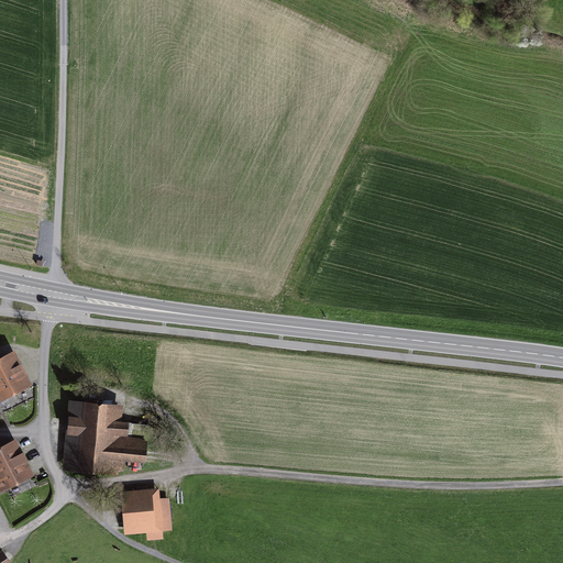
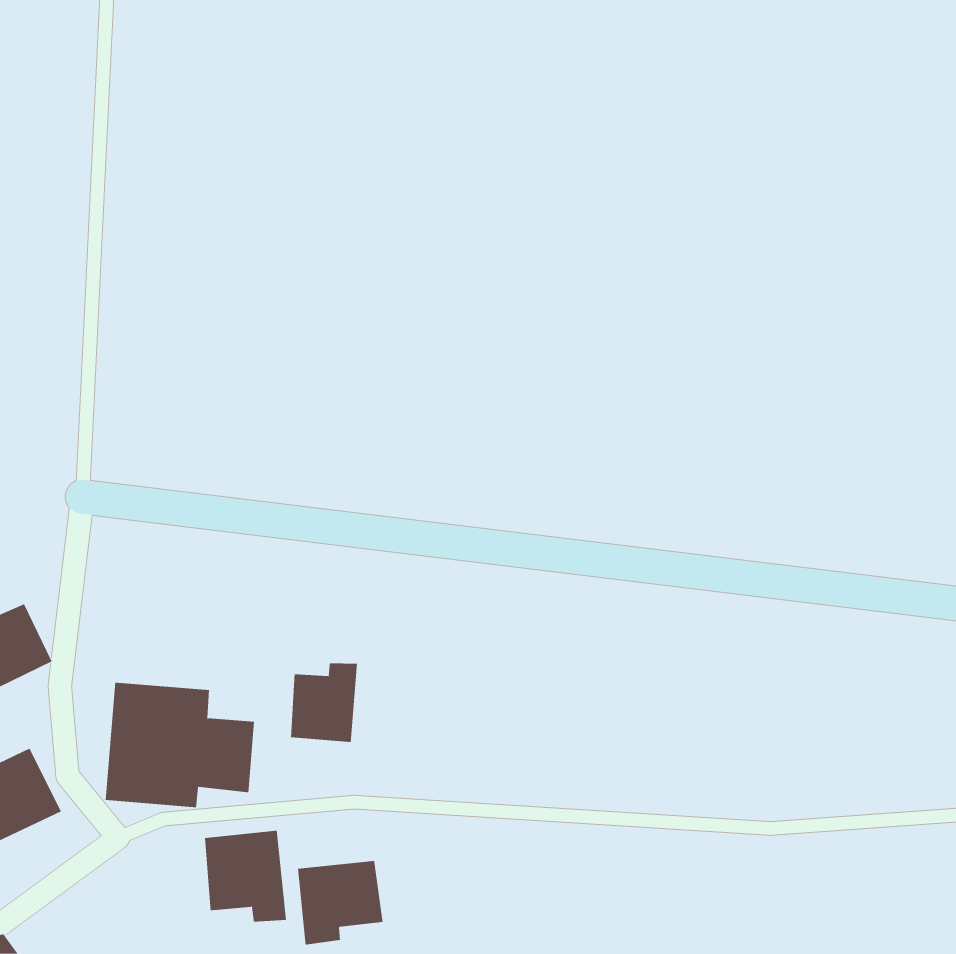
building: none -> [291,662,358,743]
building: none -> [297,860,383,945]

